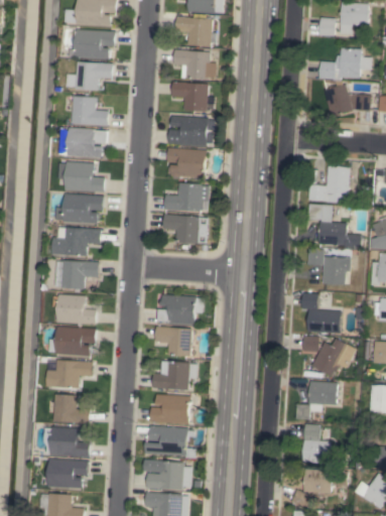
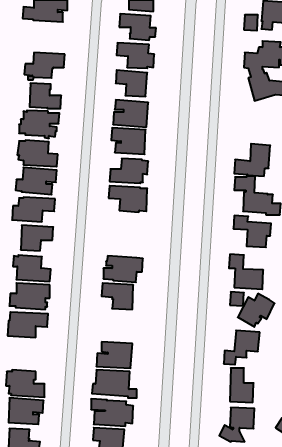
building: [75,29,115,59] -> none
building: [152,361,197,391] -> none
building: [54,394,91,424] -> none

